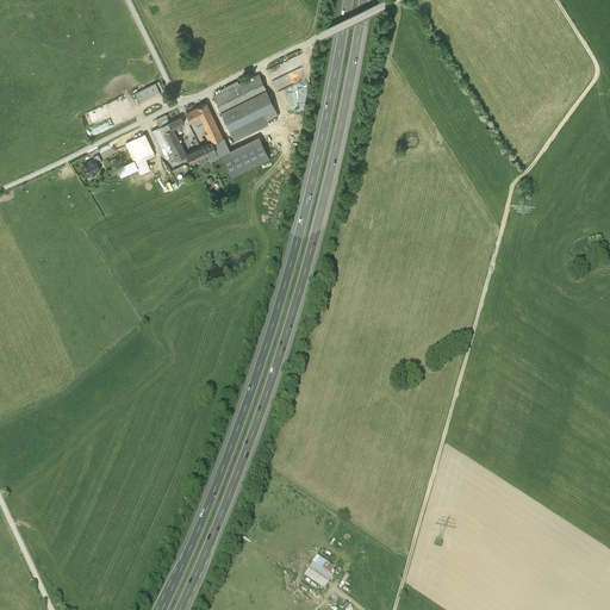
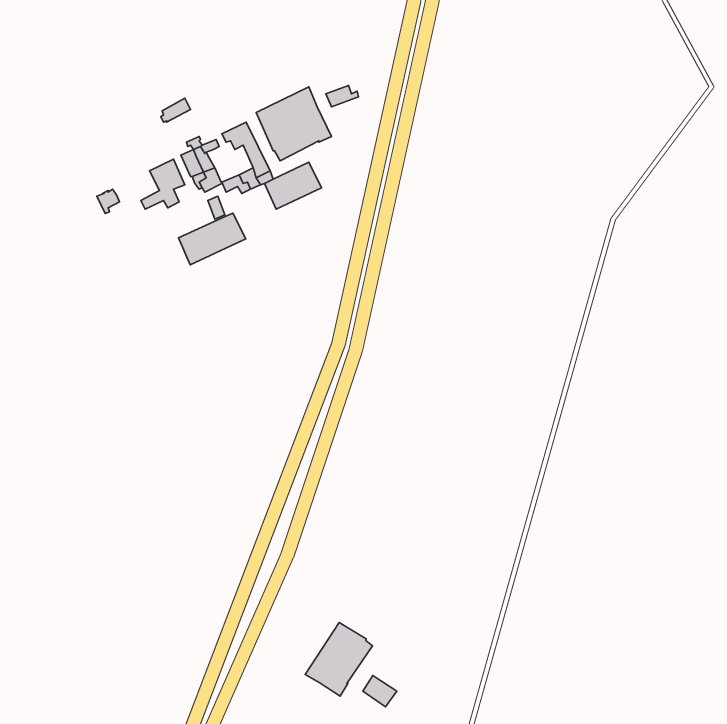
building: none -> [178,213,246,265]
building: none -> [305,623,373,696]

